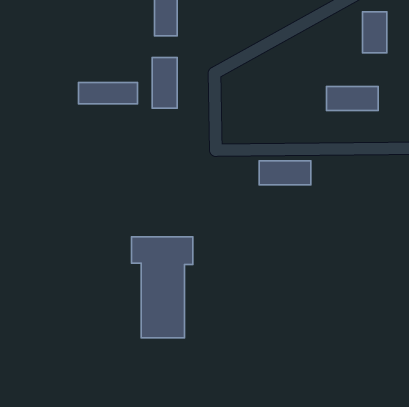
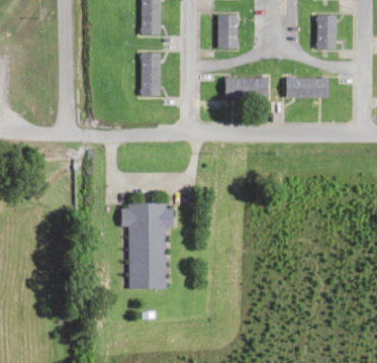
building: none -> [217,14,237,48]
building: [78,82,138,104] -> none
building: [259,161,311,185] -> [224,77,268,97]

